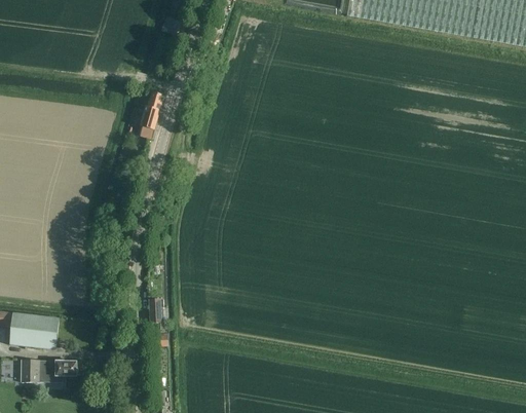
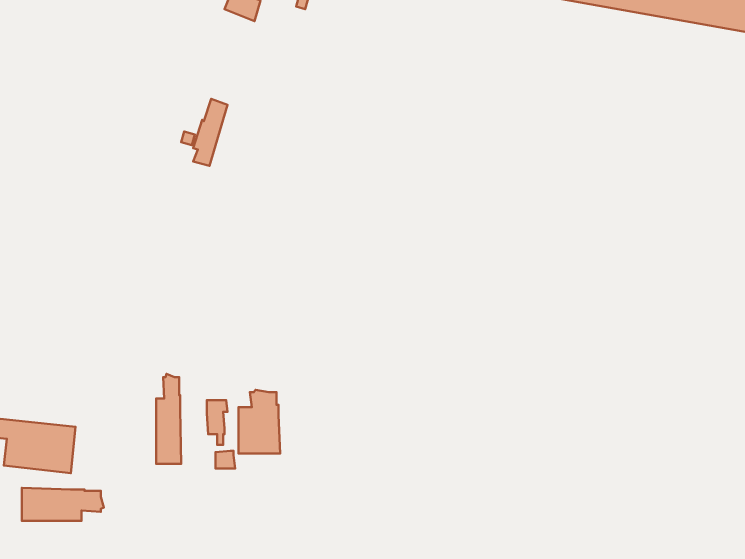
building: none -> [156,374,181,464]
building: none -> [239,390,280,453]

